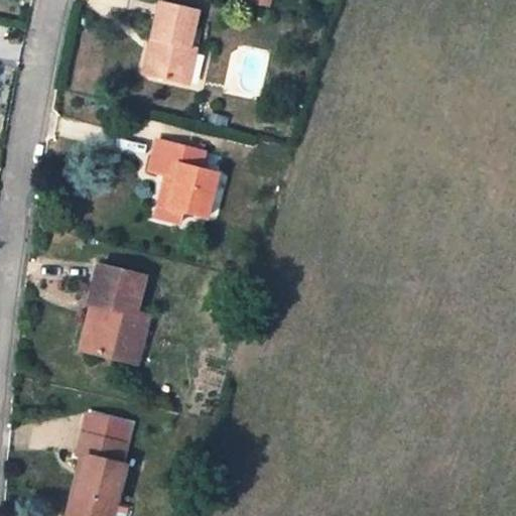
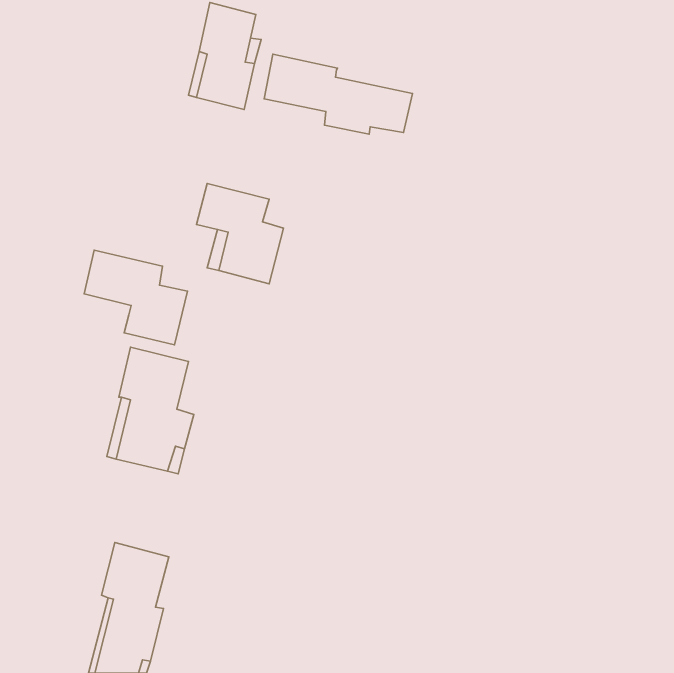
building: none -> [264,54,412,134]
building: none -> [84,250,188,345]

